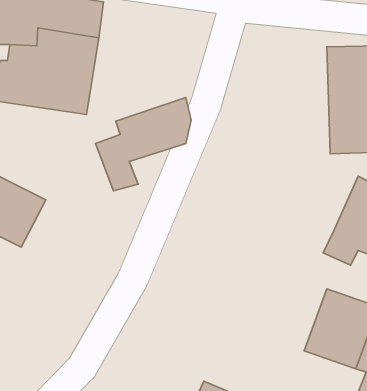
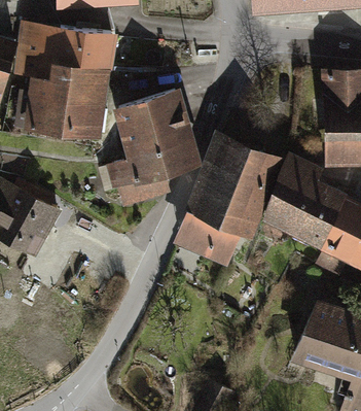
building: none -> [116,88,190,144]
building: none -> [178,130,284,262]
building: none -> [266,163,348,245]

